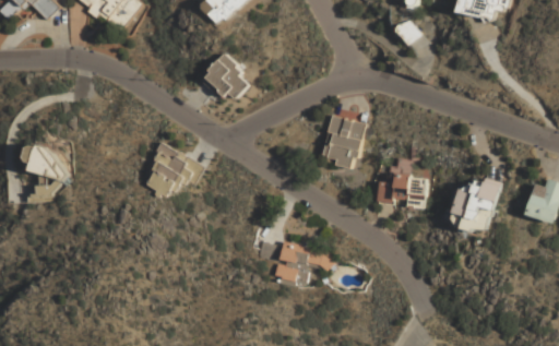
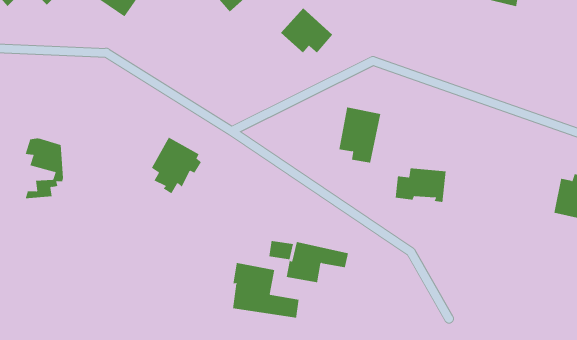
building: [201,56,251,99] -> [280,7,333,53]
building: [451,178,499,232] -> none
building: none -> [233,262,299,318]

